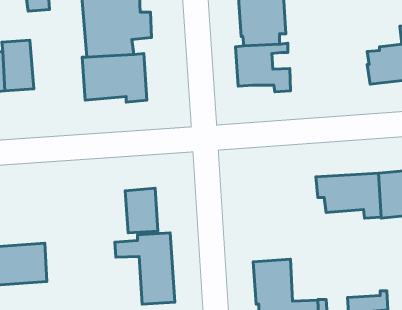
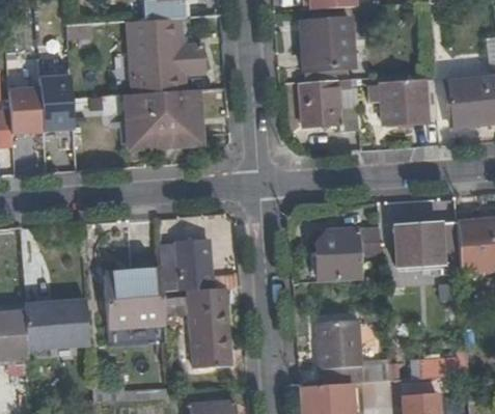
building: none -> [366,81,427,121]
building: none -> [317,226,382,279]
building: none -> [104,271,165,332]

